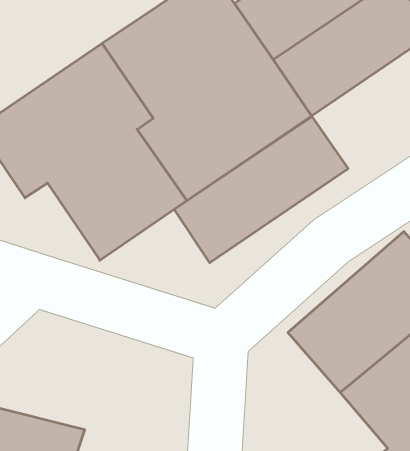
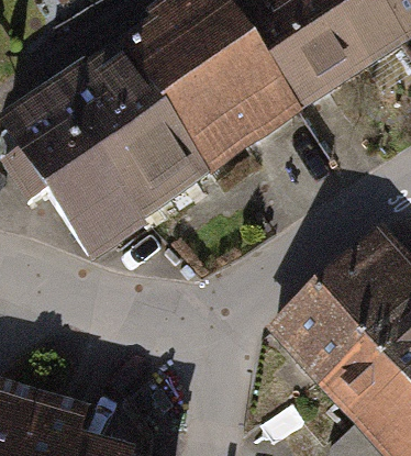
building: [174,116,348,263] -> none

